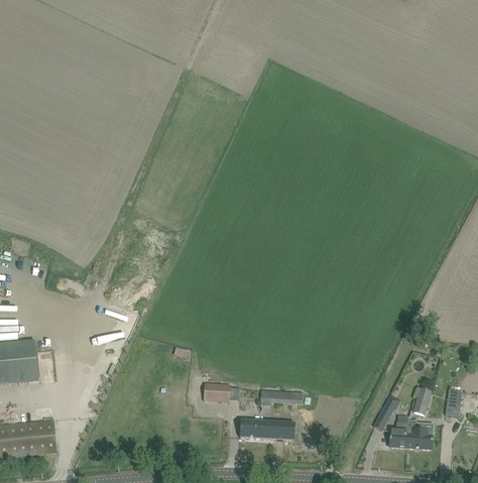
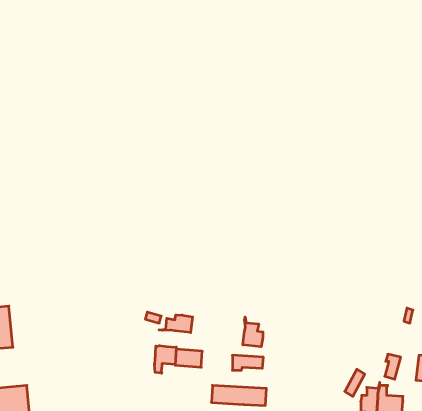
building: none -> [159,315,193,333]
building: none -> [243,317,263,347]
building: none -> [155,346,176,373]

